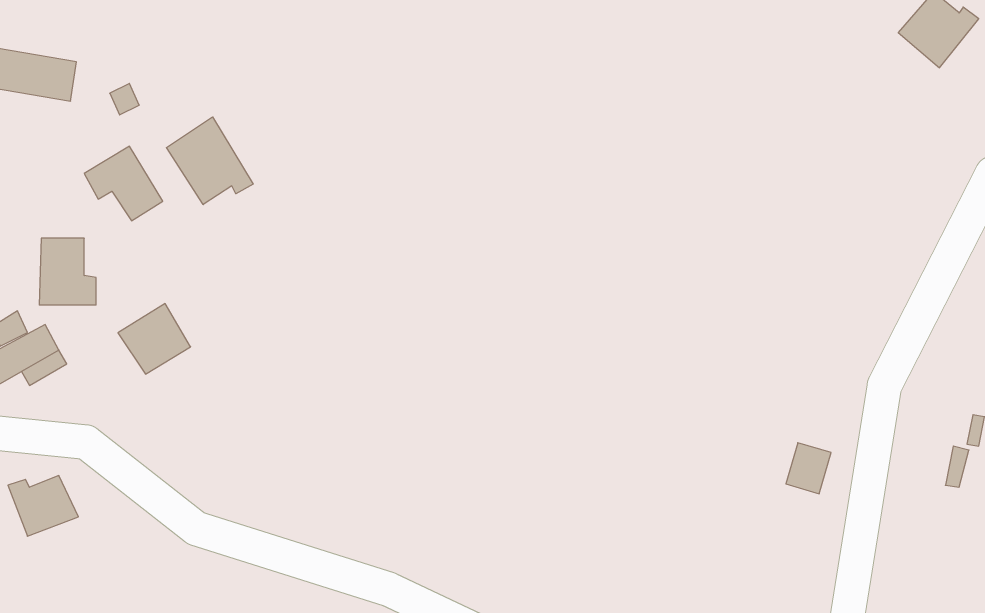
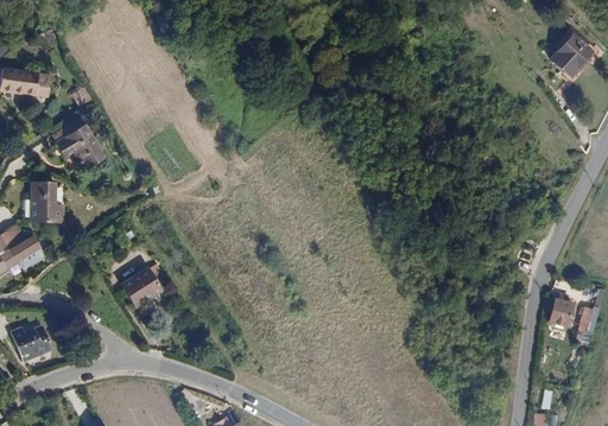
building: [166,117,253,205] -> none
building: [118,304,191,374] -> [120,266,164,309]
building: [786,443,831,494] -> [549,298,576,329]

